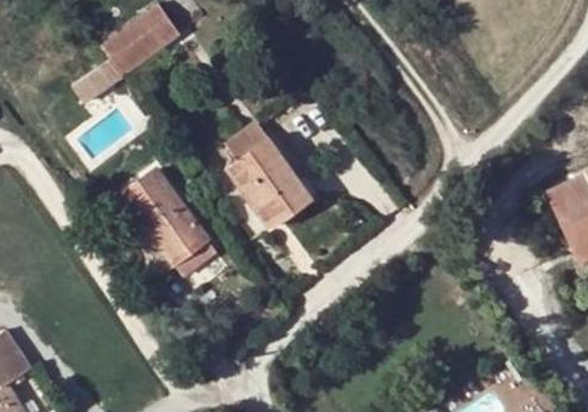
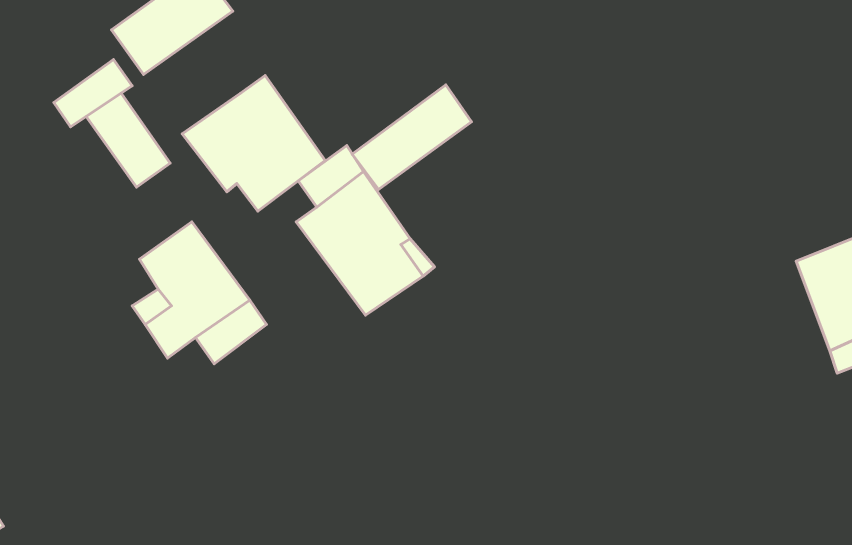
building: none -> [182,76,325,211]
building: none -> [352,85,471,189]
building: none -> [86,93,170,187]

